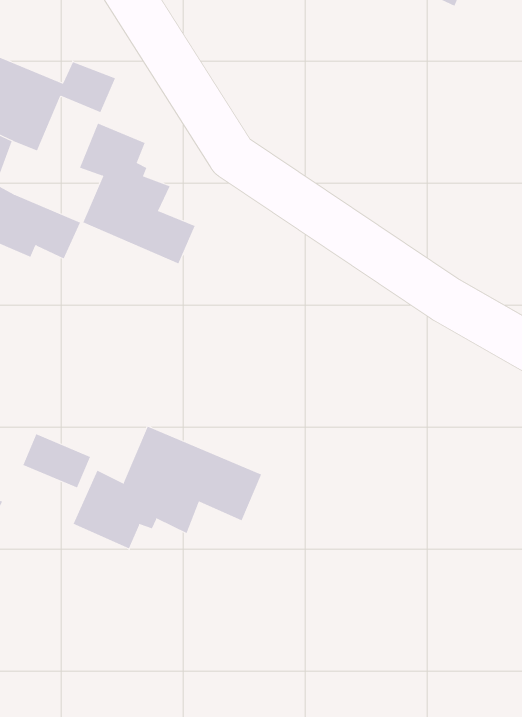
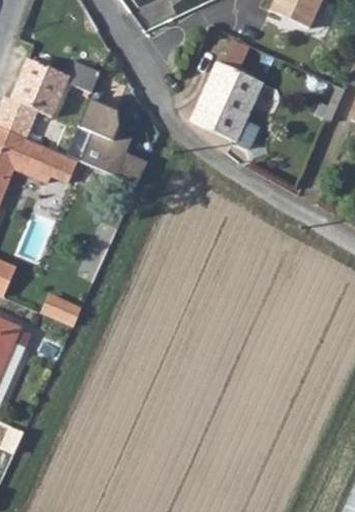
building: none -> [190,50,262,148]
building: [73,426,262,549] -> none

